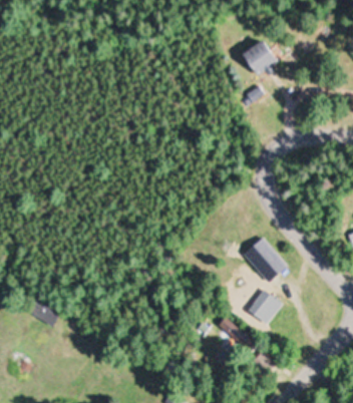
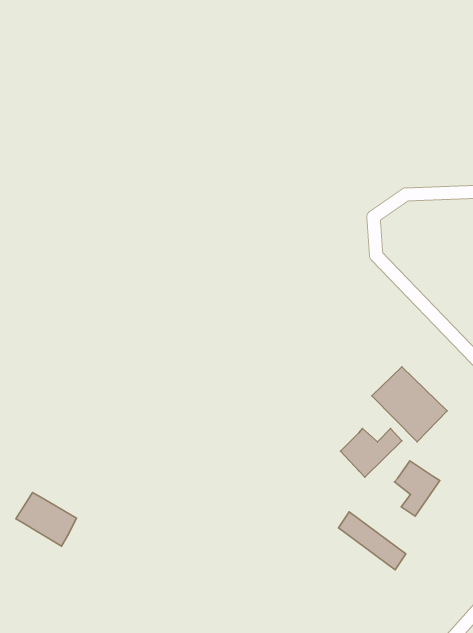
building: [244,41,277,75] -> none
building: none -> [340,429,402,477]

